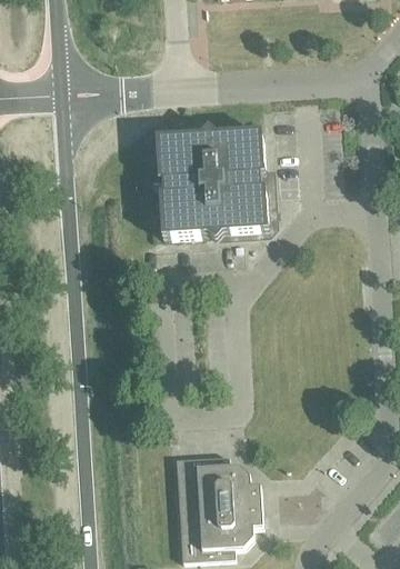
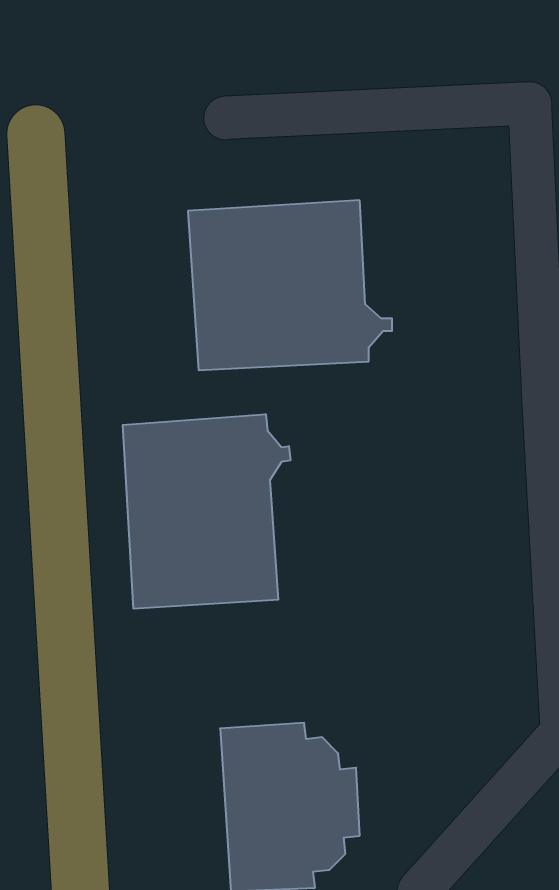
building: none -> [123,414,290,609]

